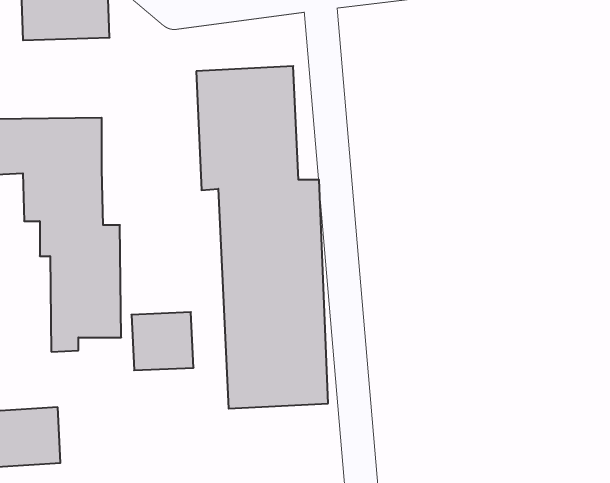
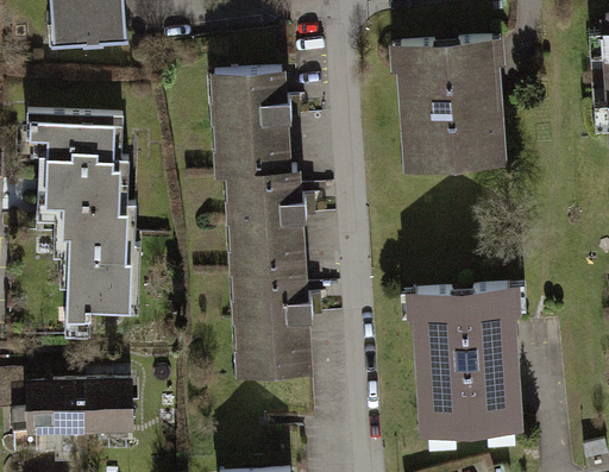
building: none -> [390,33,509,176]
building: none -> [407,281,527,435]
building: [131,312,194,370] -> [75,376,132,429]

